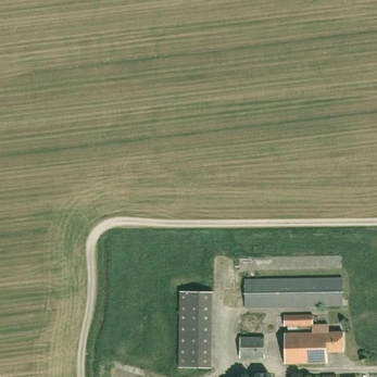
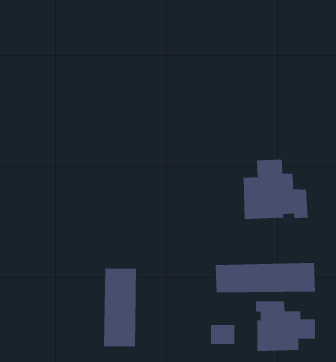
building: none -> [243,159,308,220]
building: [178,291,211,367] -> [103,268,137,347]

